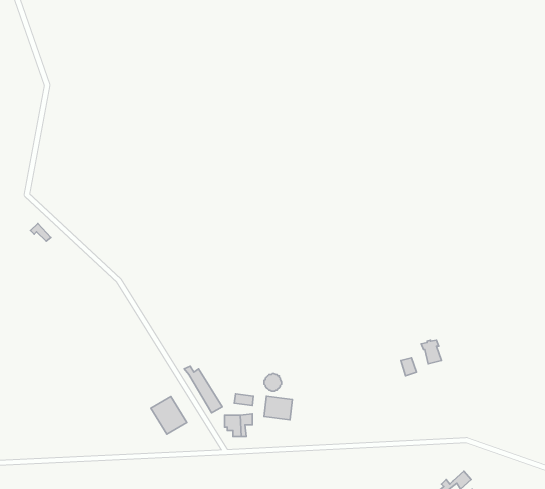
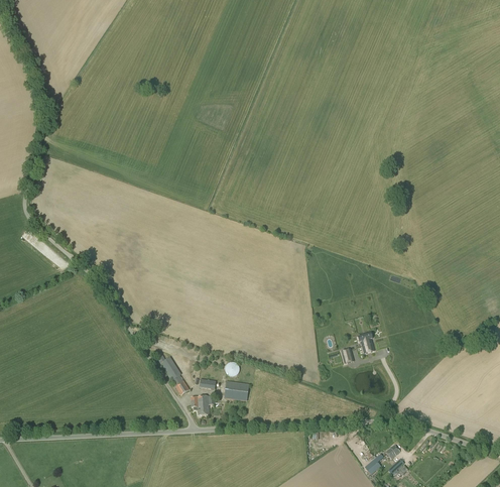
building: [151,396,187,434] -> none

